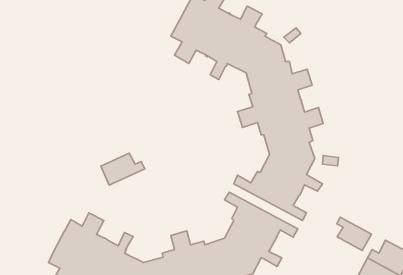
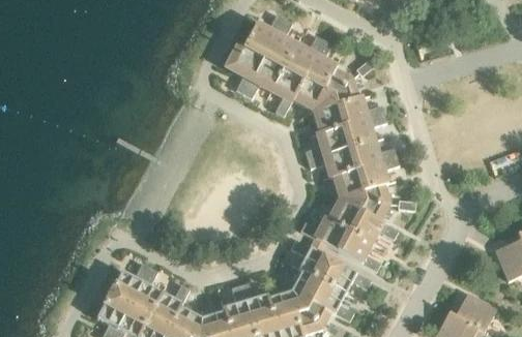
building: [101,153,145,185] -> none
building: [337,217,371,250] -> none

